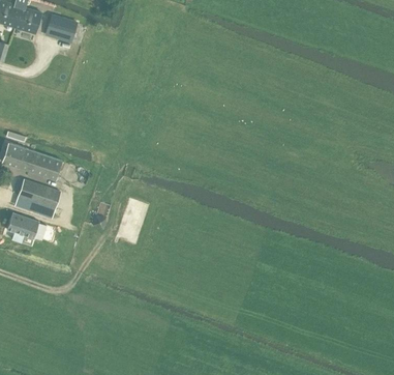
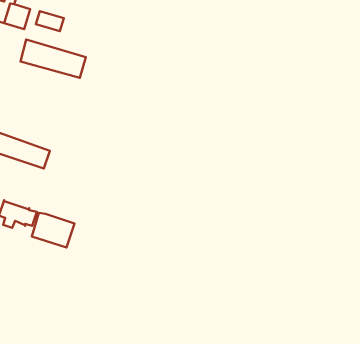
building: none -> [20,39,86,78]
building: [16,180,60,217] -> [32,213,74,247]

